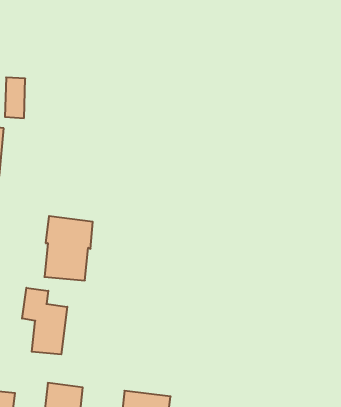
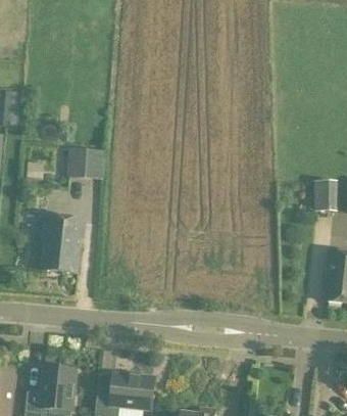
building: none -> [67,147,106,179]
building: [22,288,67,354] -> none

